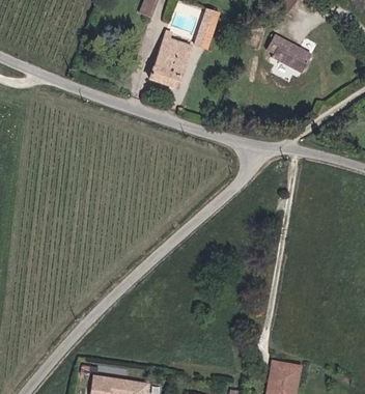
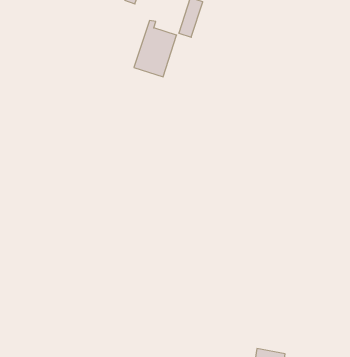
building: [266,34,311,73] -> none

